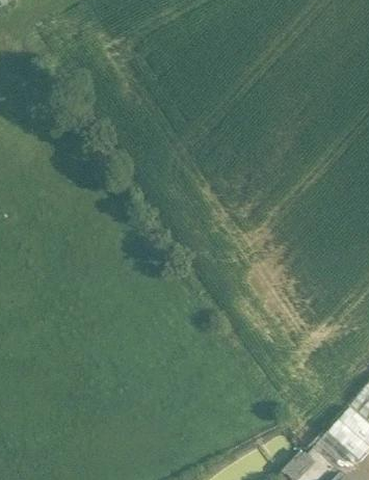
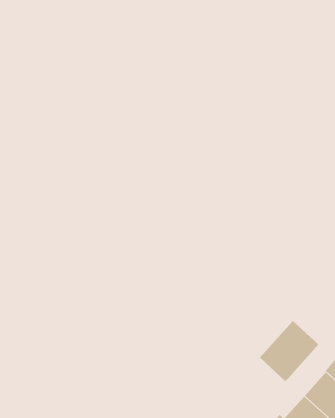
building: none -> [259,320,319,382]

